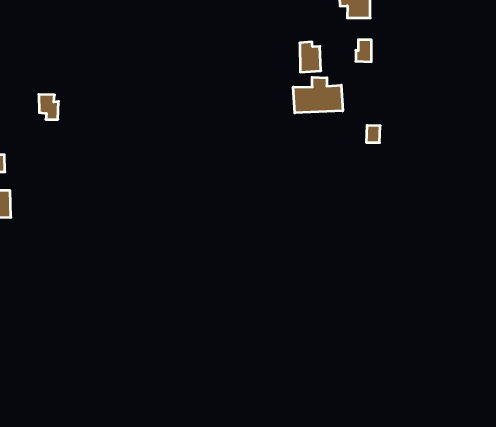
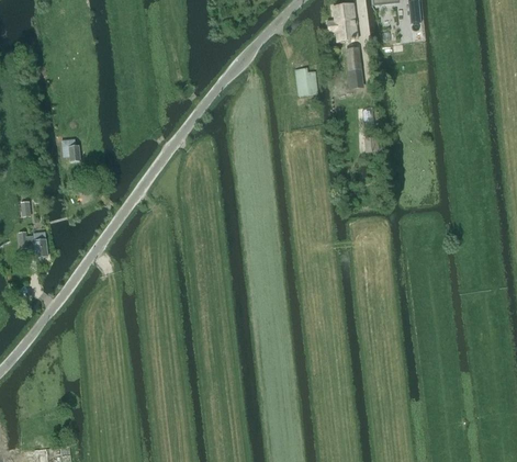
building: [293,77,343,113] -> none

